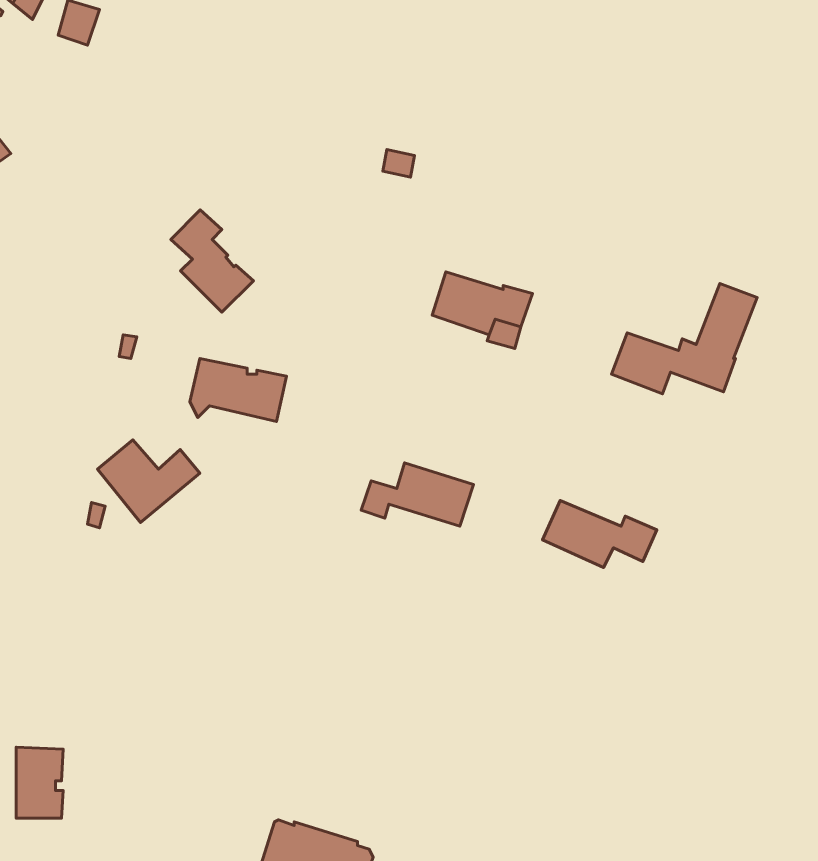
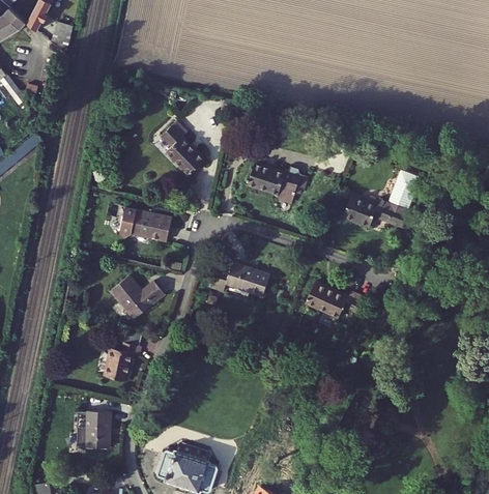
building: [171,210,253,312] -> [162,121,205,175]
building: [97,440,200,523] -> [111,275,165,319]
building: none -> [104,341,141,381]
building: [16,747,63,818] -> [86,411,111,448]

